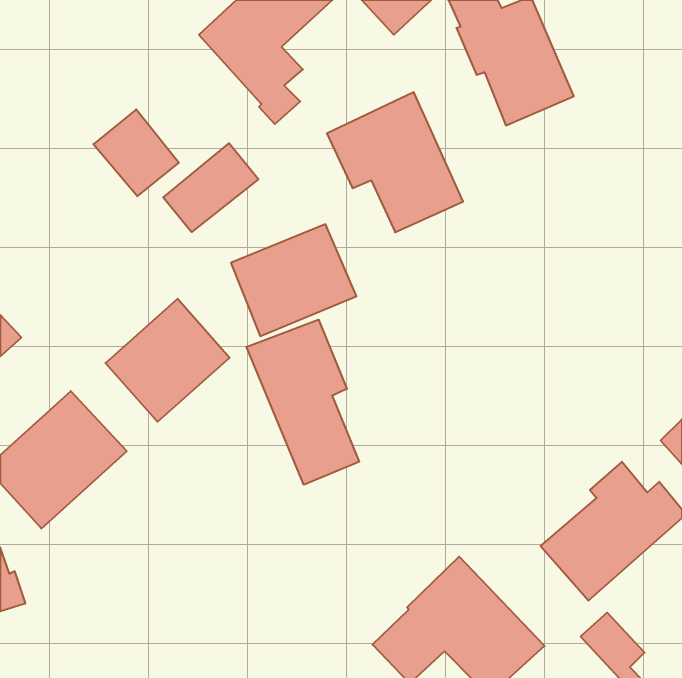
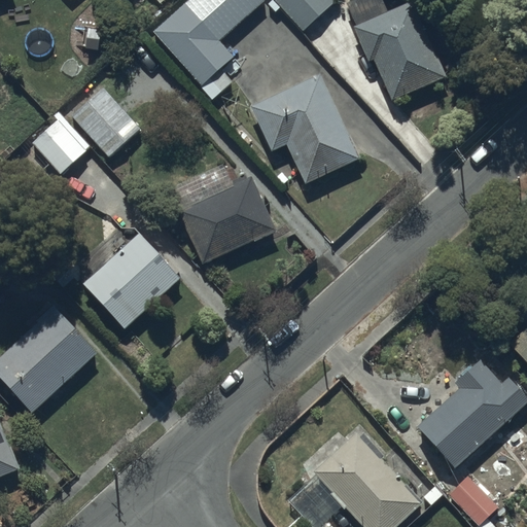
building: [163,143,258,232] -> none
building: none -> [31,119,85,173]
building: [246,320,359,485] -> none

